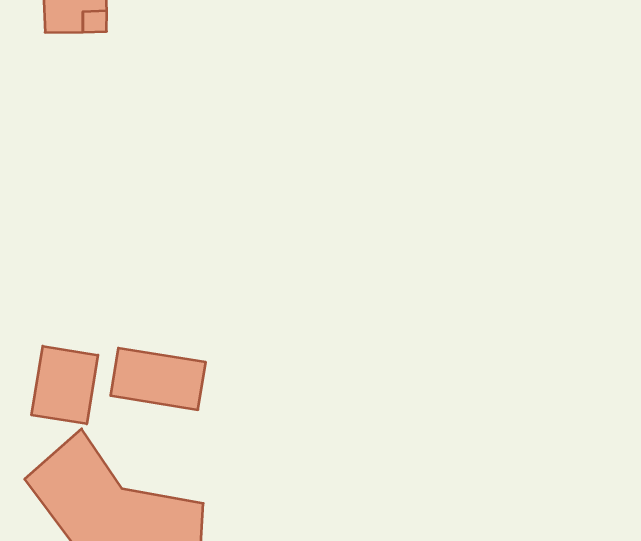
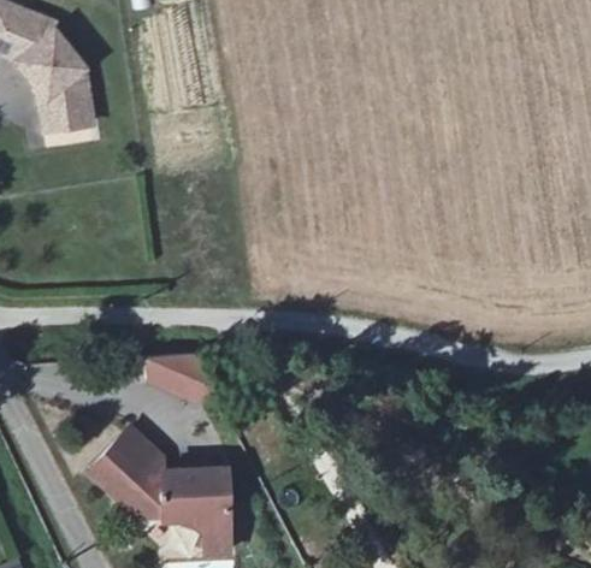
building: [32,346,98,424] -> none

